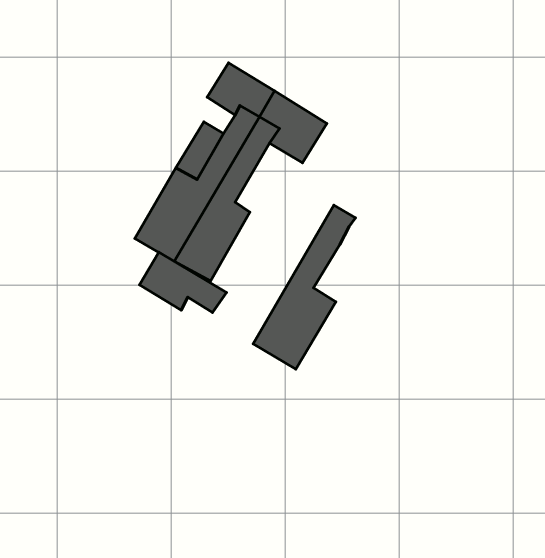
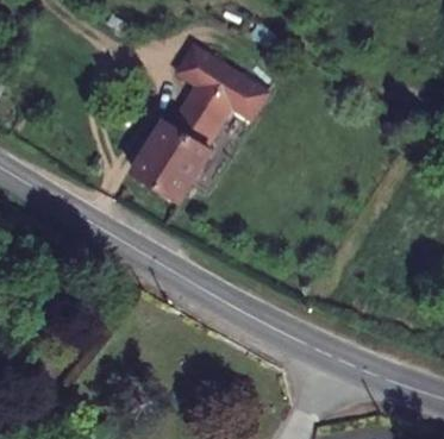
building: [253,205,355,369] -> none
building: [140,252,227,313] -> none

